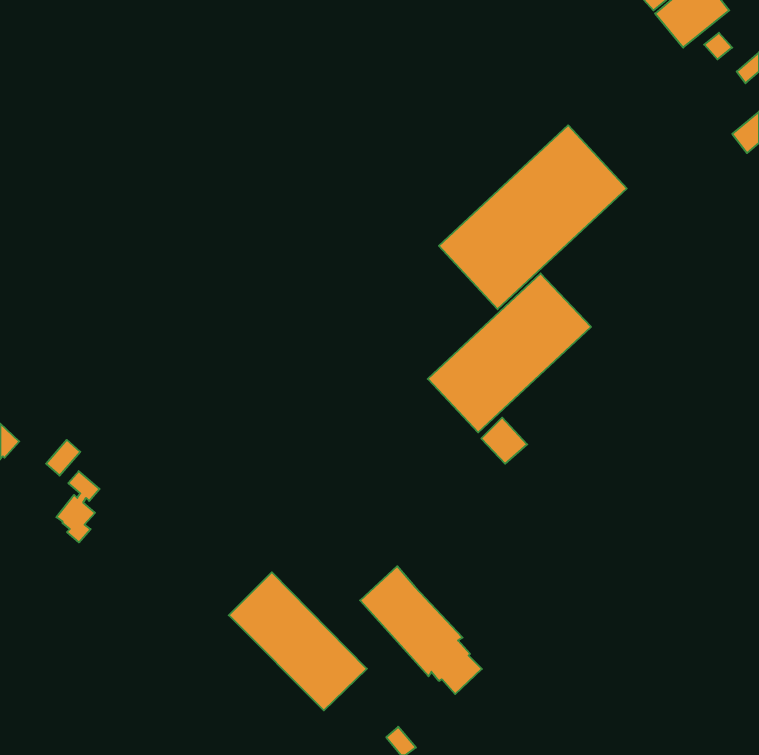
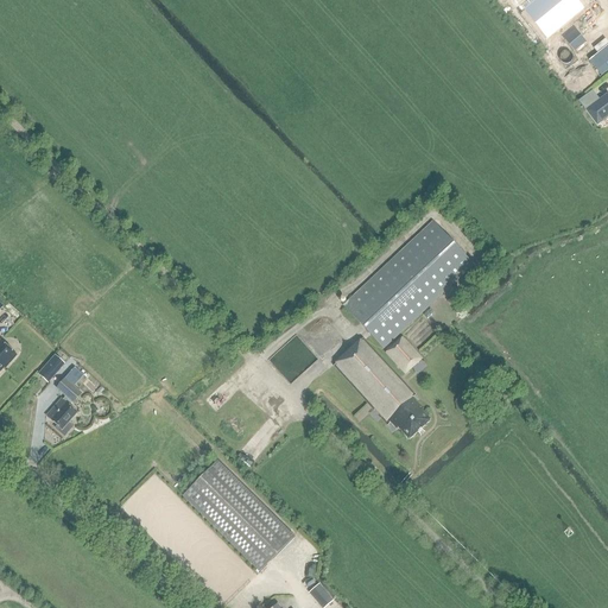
building: [439,125,627,309] -> none
building: [360,566,482,694] -> [332,335,430,437]

